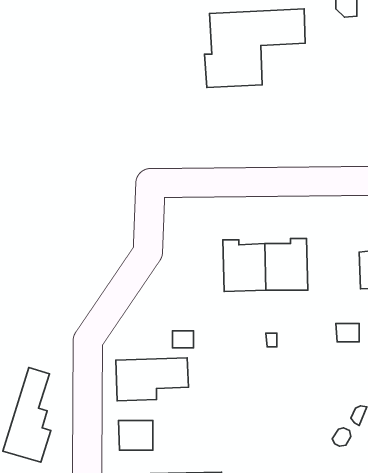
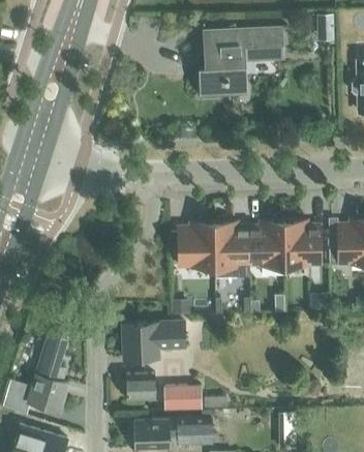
building: none -> [284,221,321,266]
building: none -> [179,223,215,267]
building: none -> [164,386,201,409]

